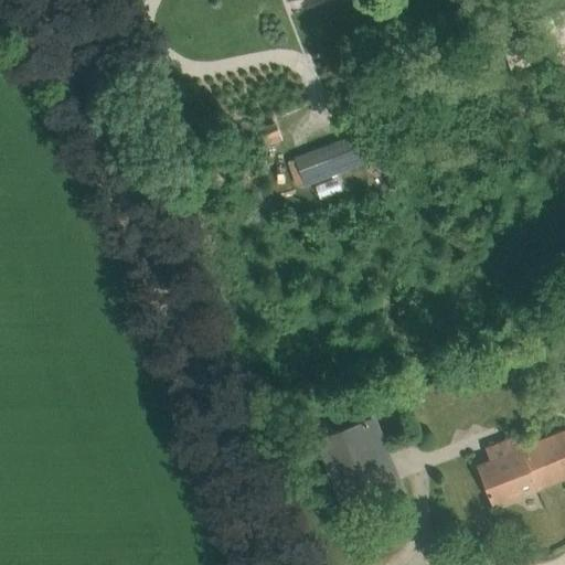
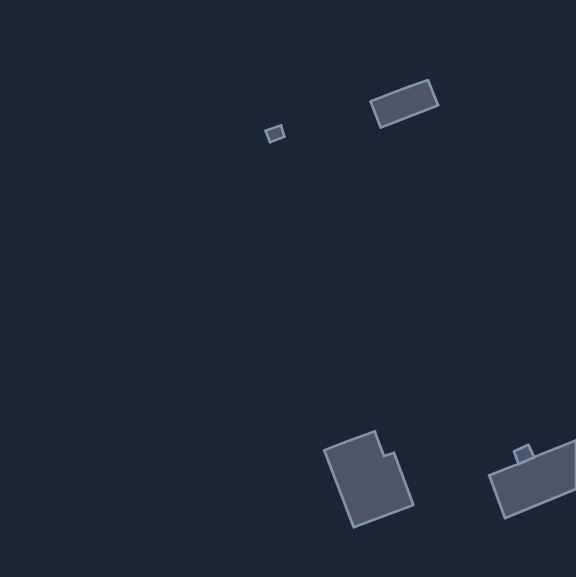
building: [296,137,362,183] -> [370,80,438,128]

